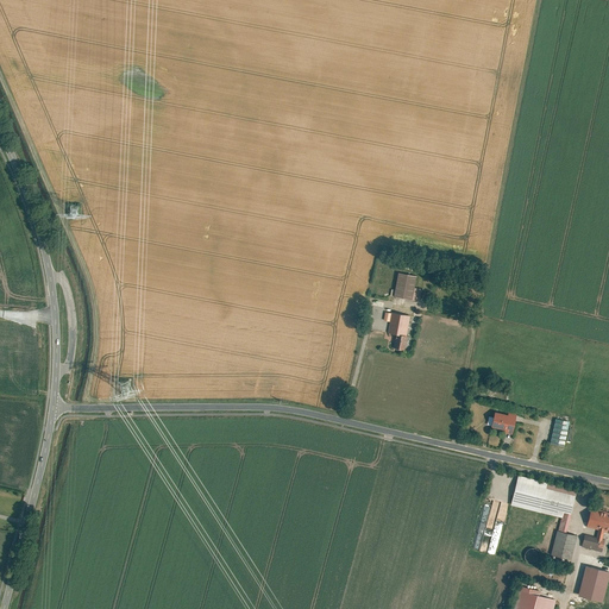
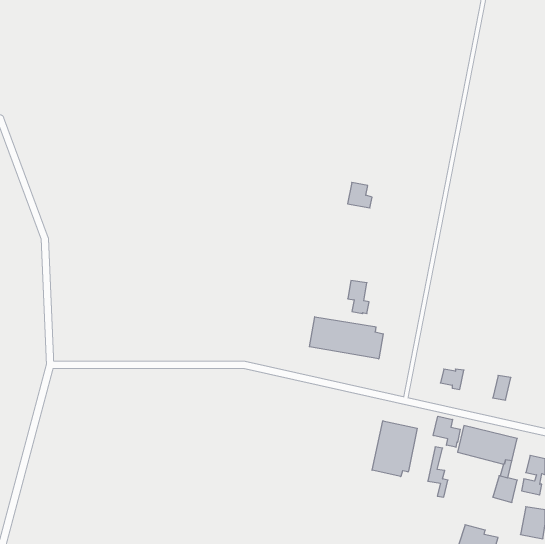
building: [394,274,421,302] -> [348,182,372,208]
building: none -> [309,317,383,359]
building: none -> [433,416,460,447]
building: none -> [372,421,417,477]

